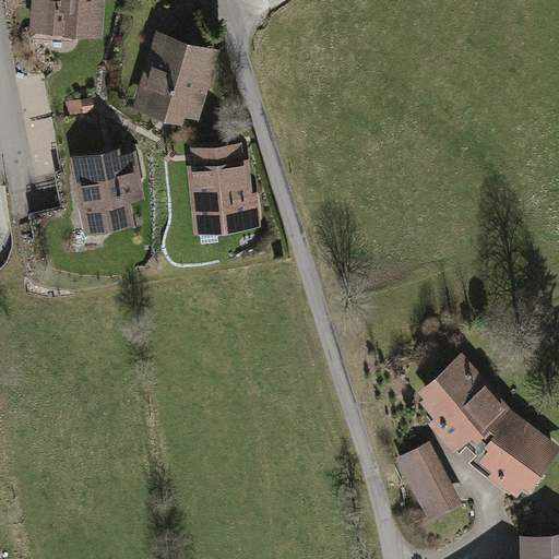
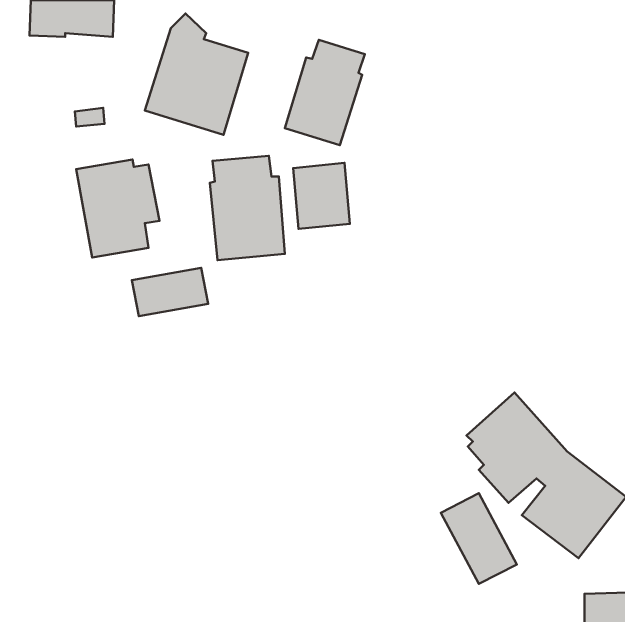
building: none -> [285,40,365,145]
building: none -> [293,163,350,229]
building: none -> [132,268,208,316]

